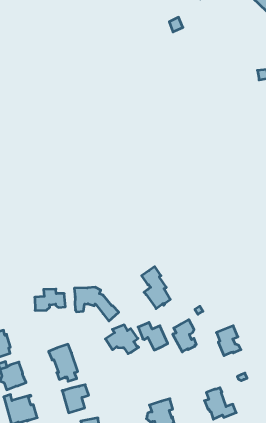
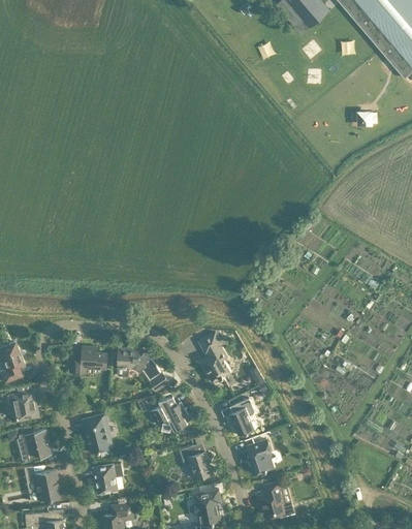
building: [138,322,168,350] -> [180,445,213,478]
building: [216,326,241,356] -> [247,439,274,473]

